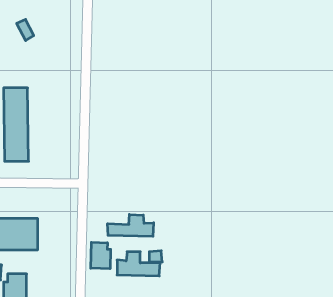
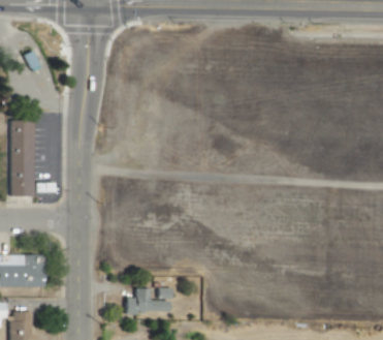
building: [108,214,154,236] -> none
building: [91,242,111,269] -> none

